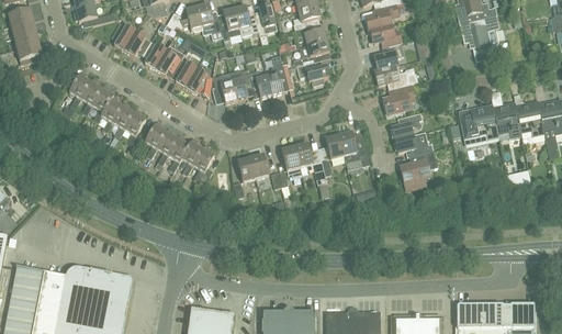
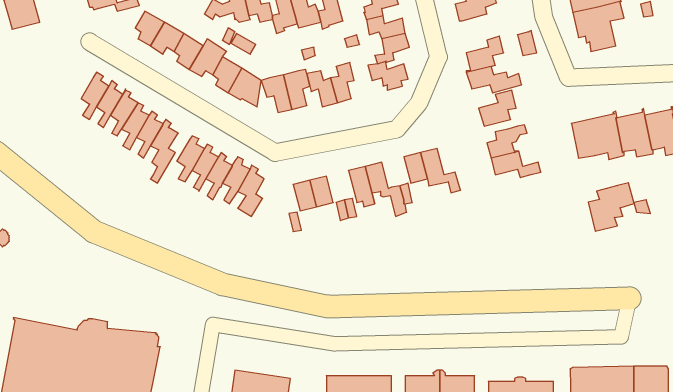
building: [371,24,402,46] -> none
building: [14,31,42,59] -> none
building: [402,149,438,188] -> [588,183,634,231]

